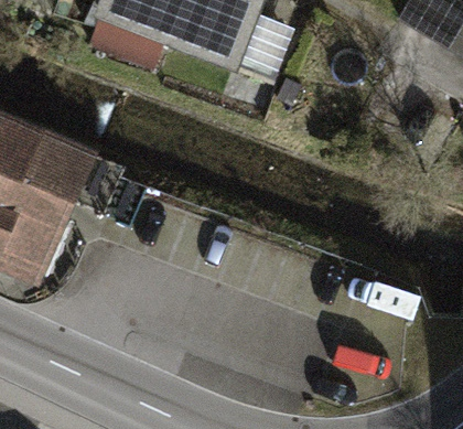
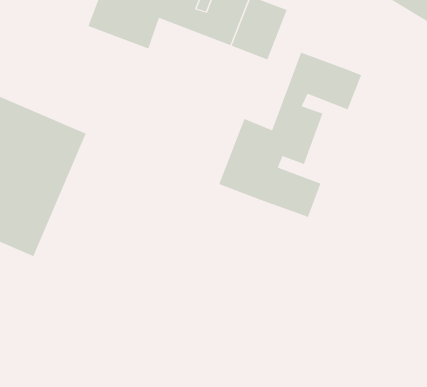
building: none -> [219,52,362,218]

